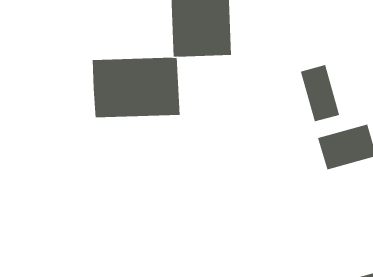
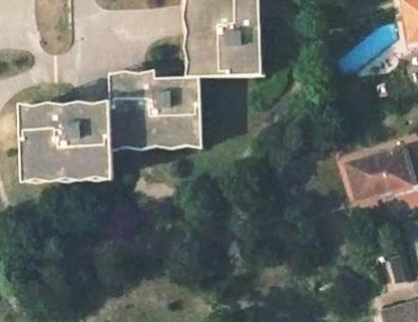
building: [300,64,340,122] -> none
building: none -> [20,111,112,177]

